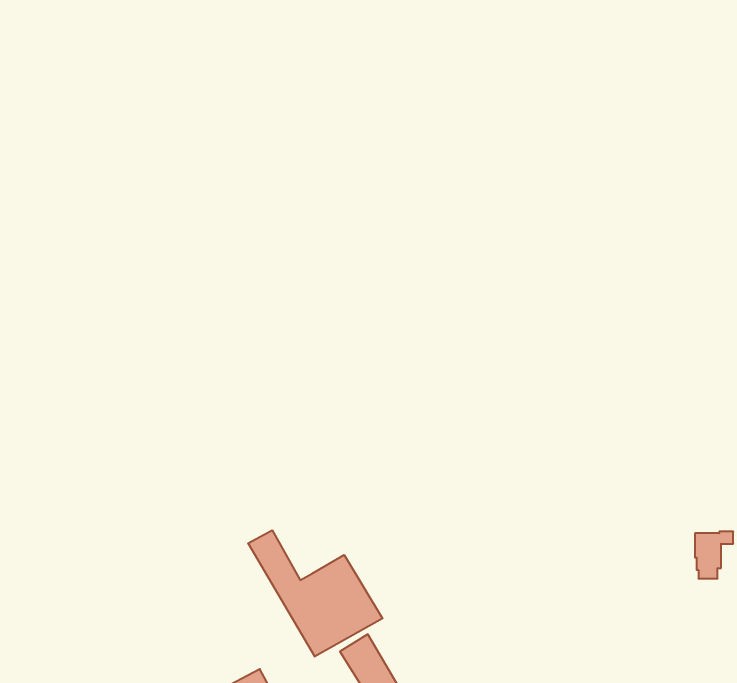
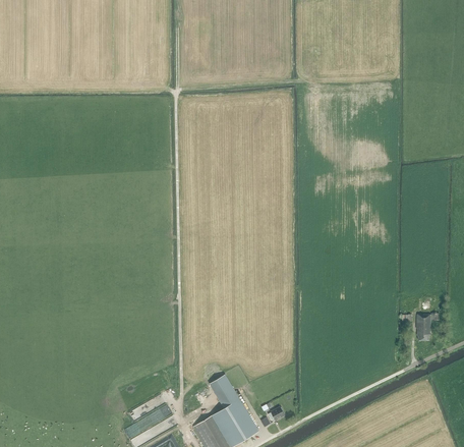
building: [248,530,383,657] -> none

